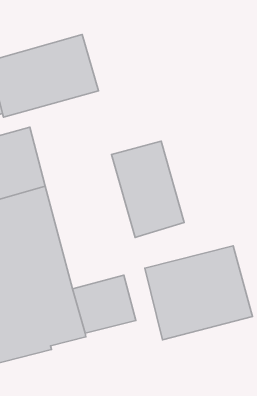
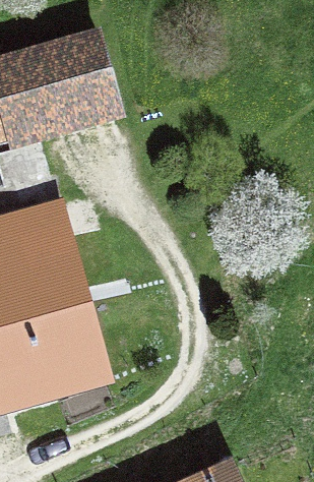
building: [112,141,184,237] -> none
building: [145,246,253,340] -> none

